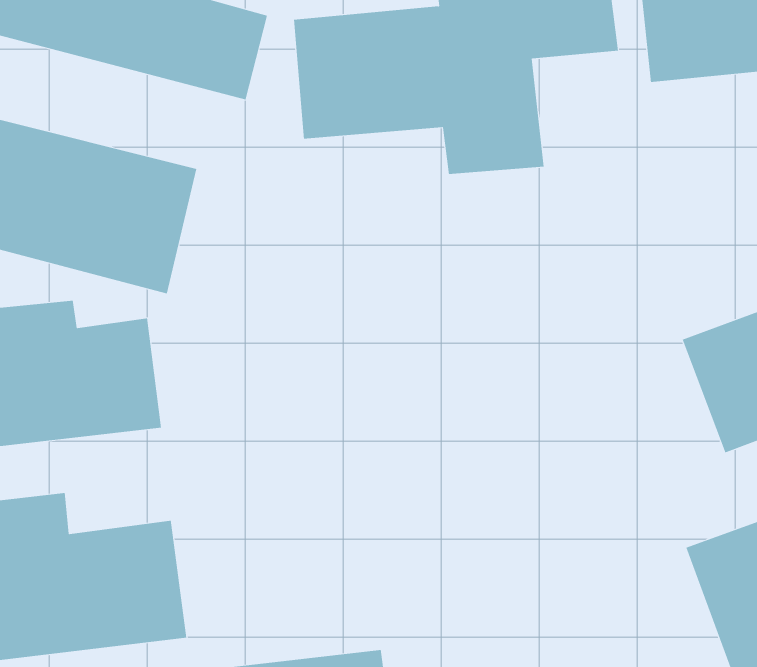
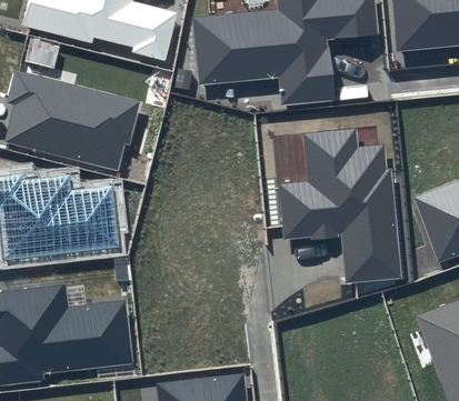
building: none -> [278,129,402,283]

